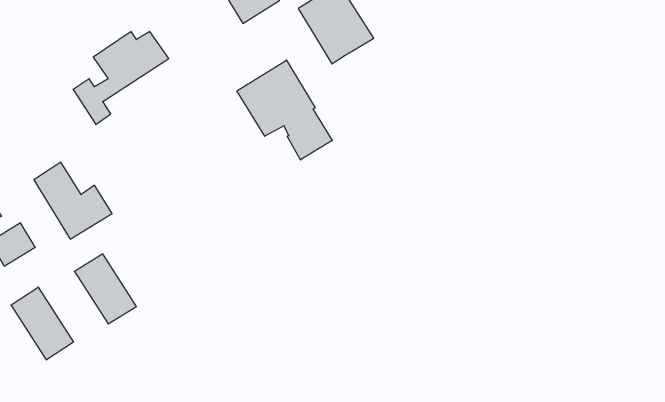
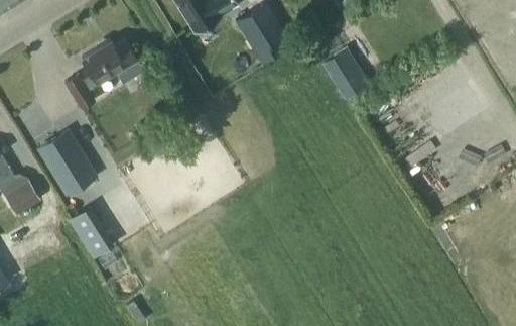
building: none -> [322,47,370,99]
building: [237,60,332,160] -> none
building: [11,287,73,360] -> none

